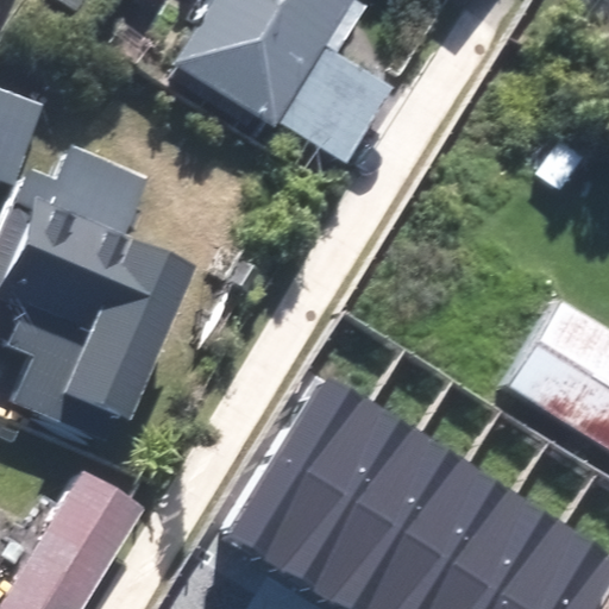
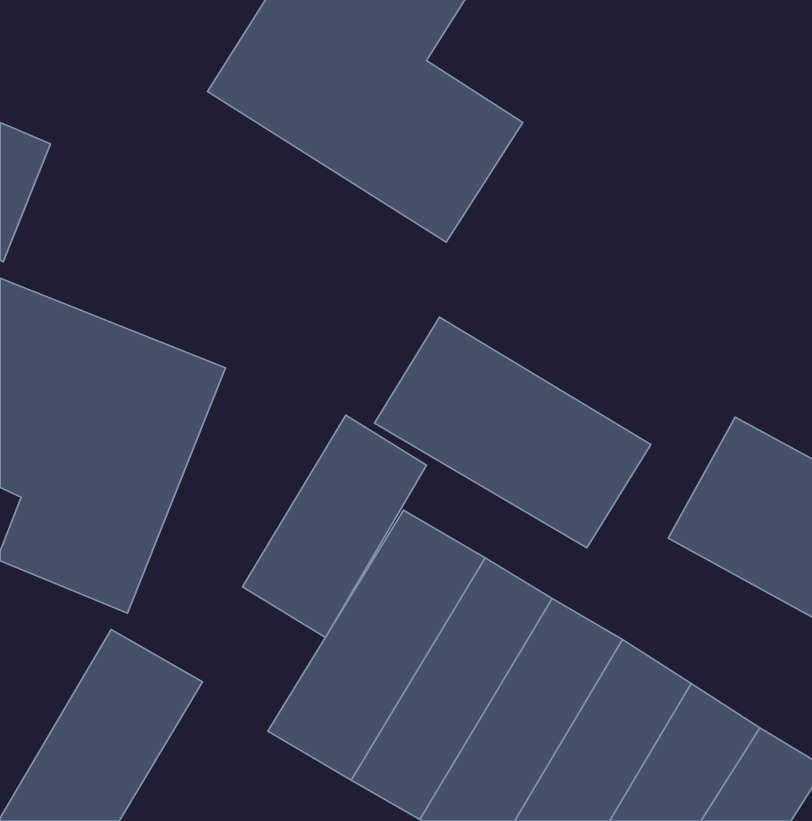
building: none -> [375,317,651,548]
building: none -> [243,415,426,638]

